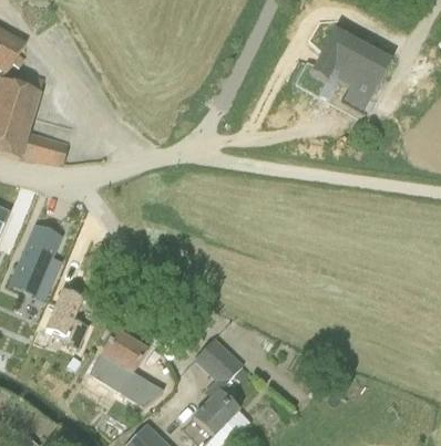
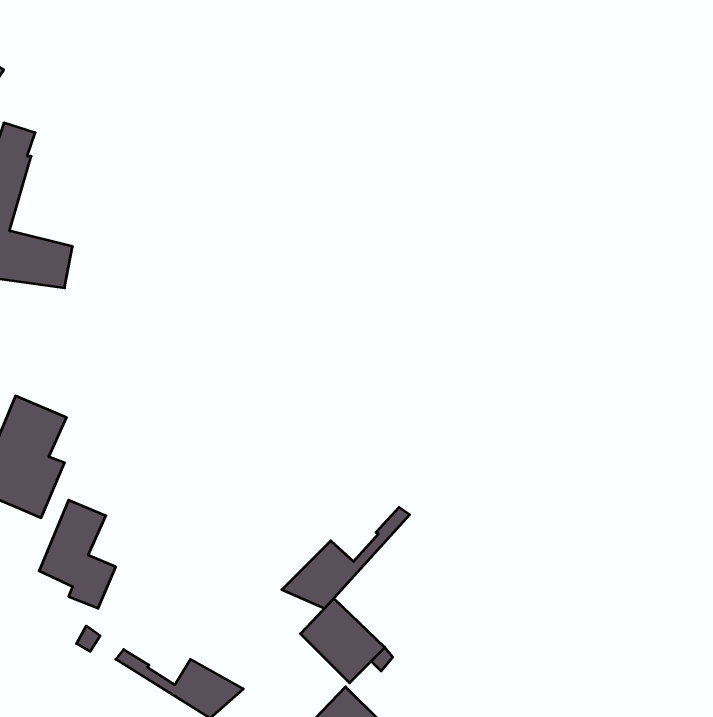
building: [312,42,391,107] -> none
building: none -> [282,507,410,608]
building: [94,328,146,386] -> none

